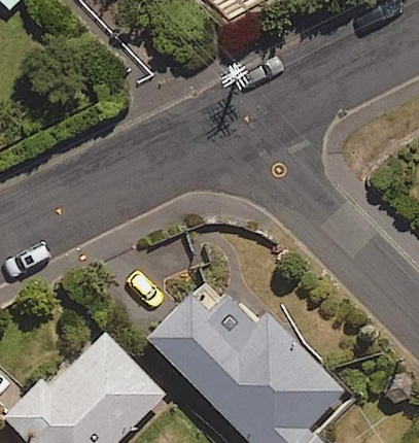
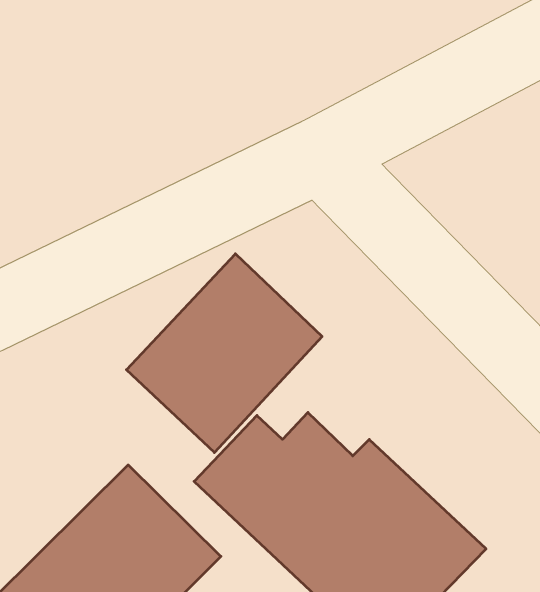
building: none -> [126,254,322,453]

